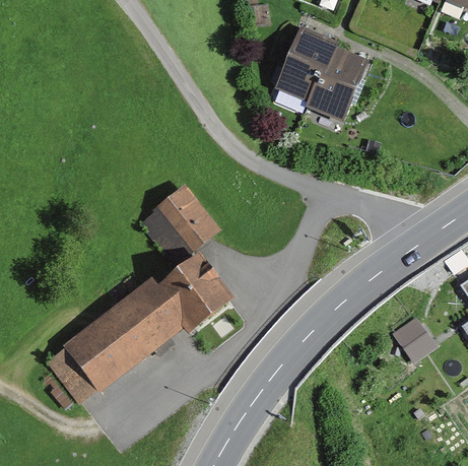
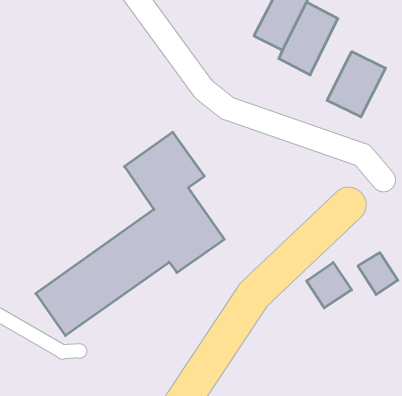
building: none -> [327,52,386,117]
building: none -> [307,262,352,308]

